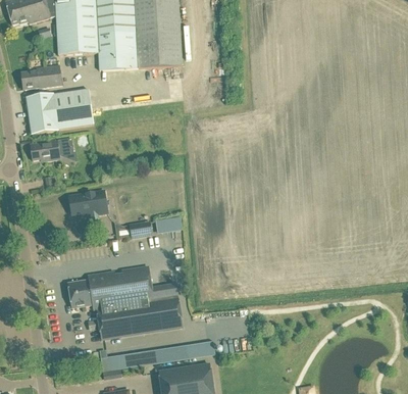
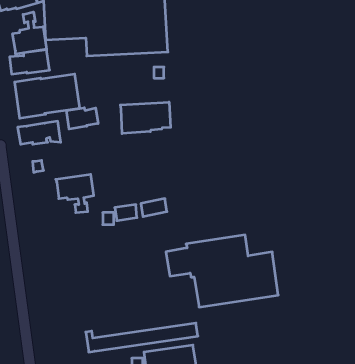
building: none -> [13,12,47,54]
building: none -> [120,102,171,134]
building: none -> [66,108,98,129]
building: [67,265,182,339] -> [166,235,278,307]

